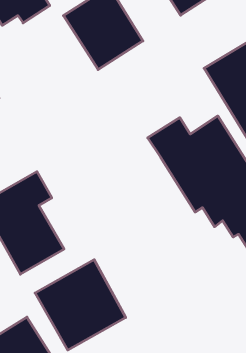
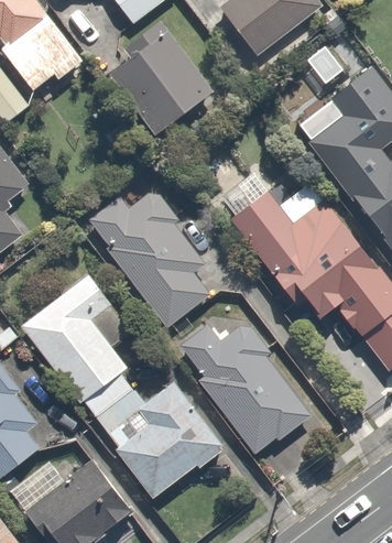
building: none -> [85,185,219,328]
building: none -> [178,324,312,456]

